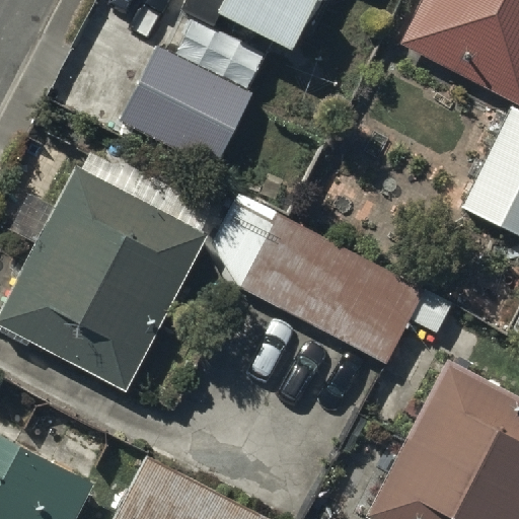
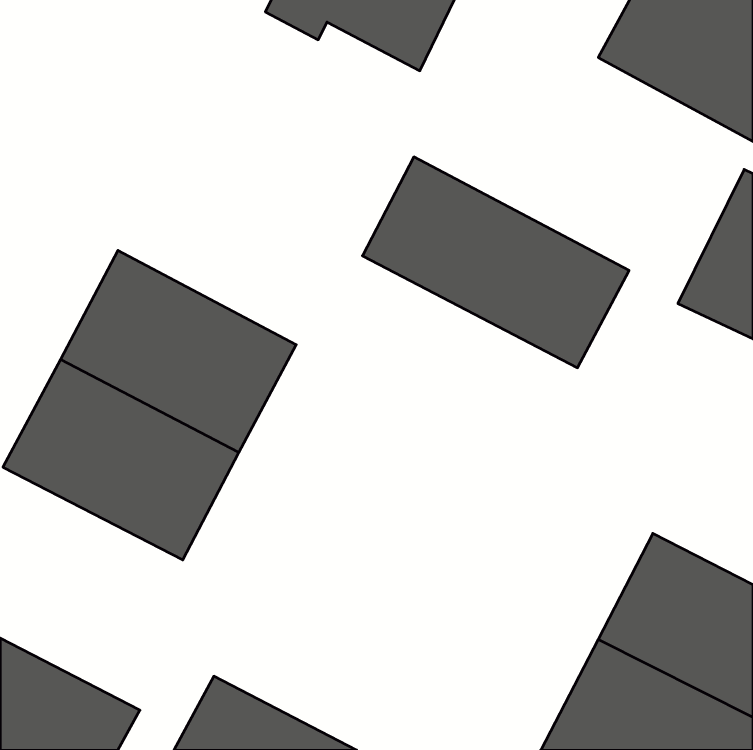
building: [122,50,250,164] -> none
building: [235,220,419,365] -> [362,157,629,368]

